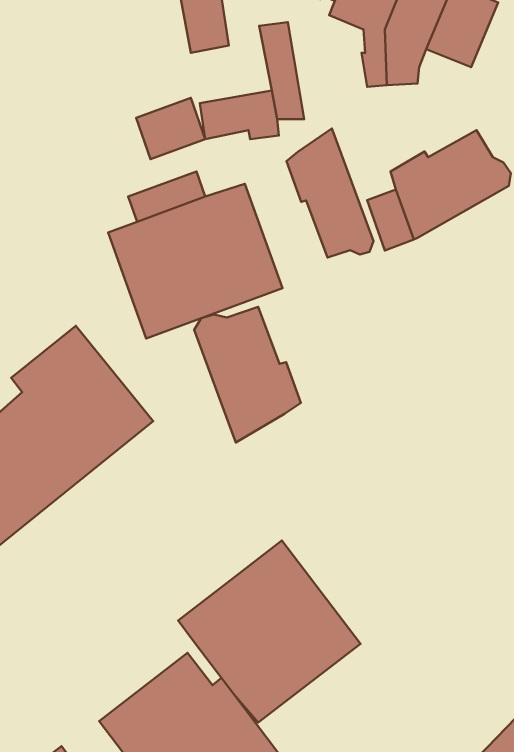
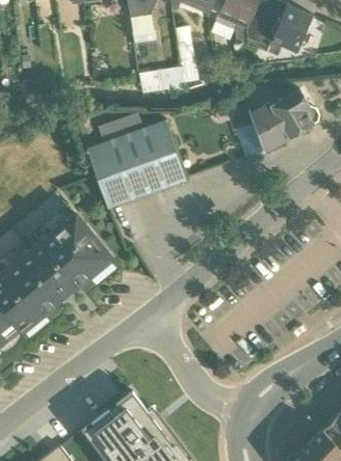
building: [136,98,205,159] -> none
building: [287,129,374,258] -> none
building: [194,307,301,442] -> none
building: [178,540,361,722] -> none

